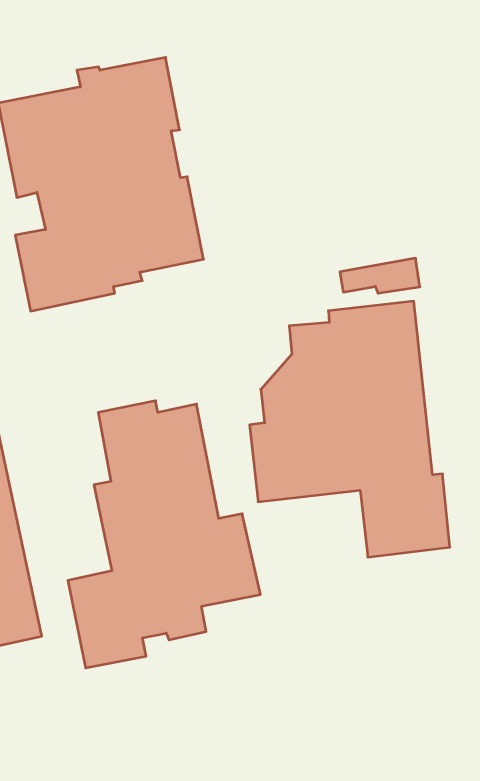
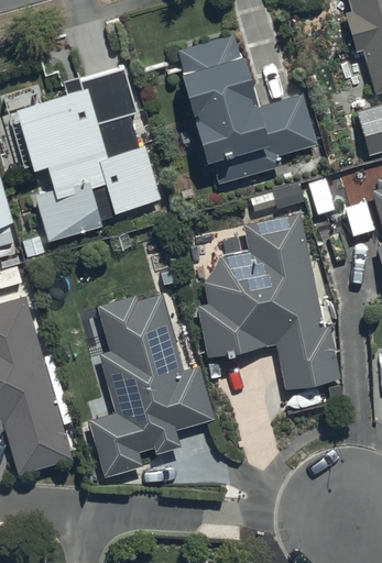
building: none -> [179,34,318,184]

